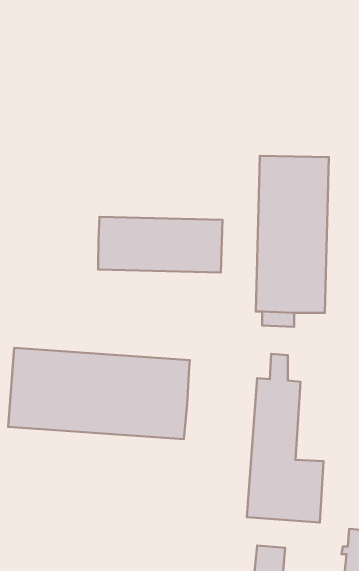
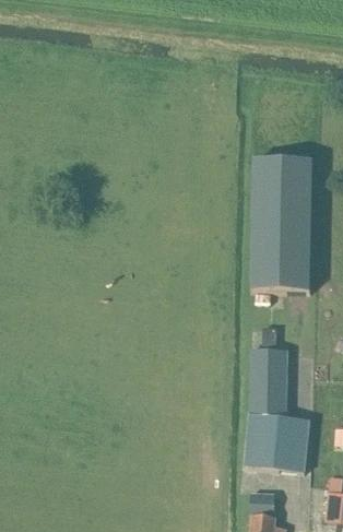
building: [98,217,223,273] -> none
building: [8,348,190,439] -> none

